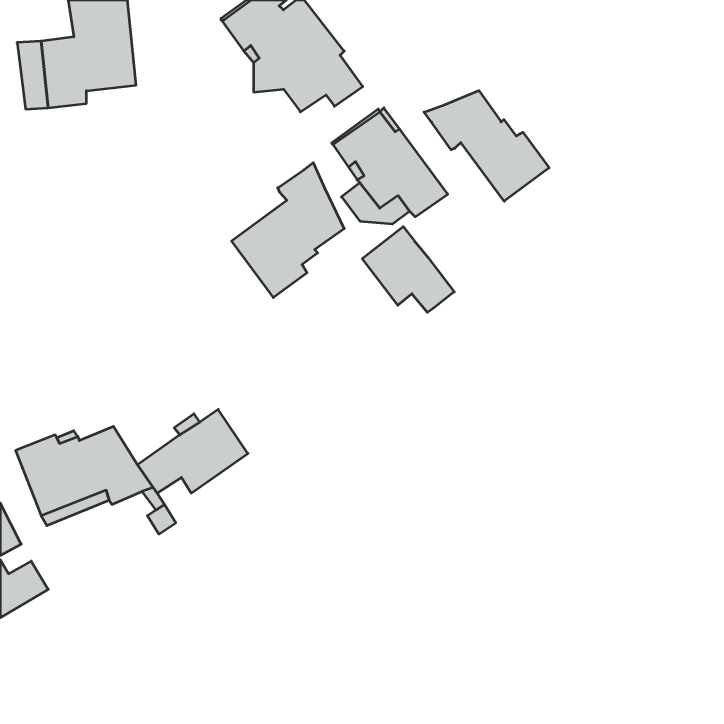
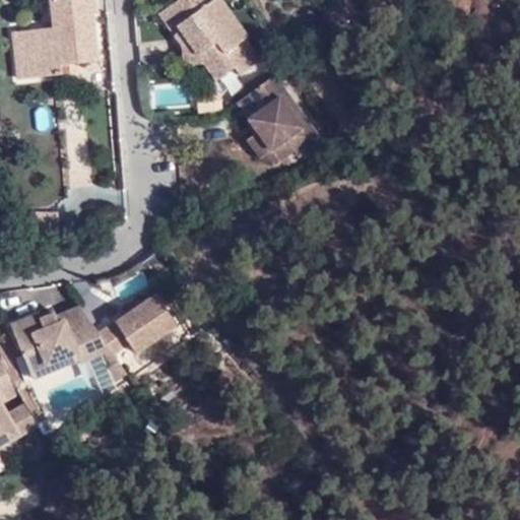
building: [424,91,549,201] -> none
building: [232,163,344,298] -> none
building: [362,227,454,312] -> none

